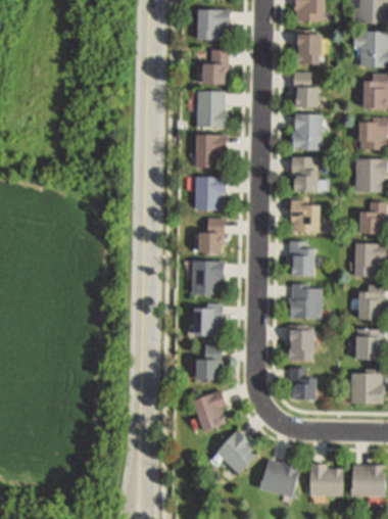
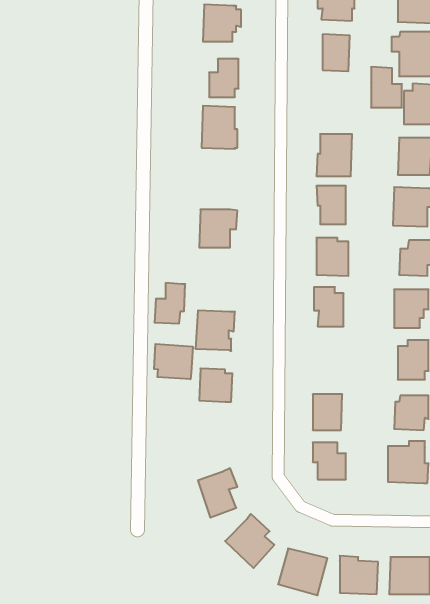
building: [292,72,318,105] -> [371,67,402,108]
building: [195,133,226,166] -> none
building: [199,218,225,251] -> [154,283,185,324]
building: [289,284,321,318] -> none
building: none -> [154,344,193,379]
building: [196,346,221,380] -> none

